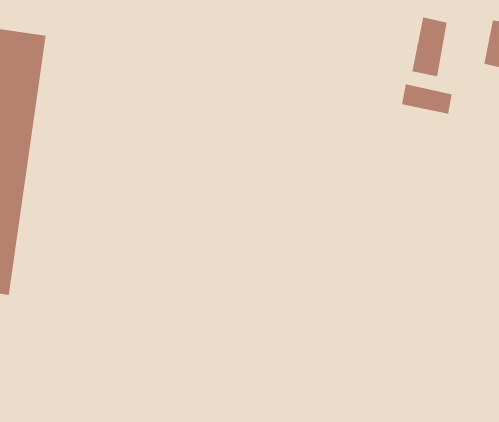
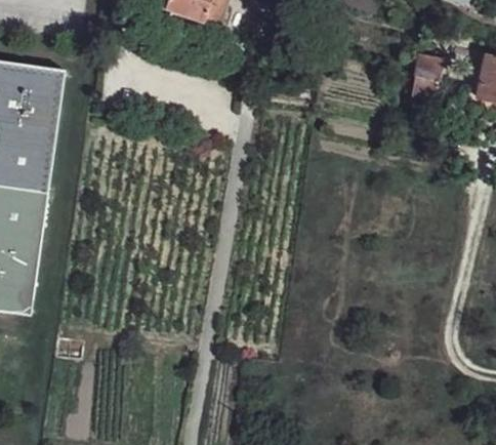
building: [401,84,452,114] -> none

